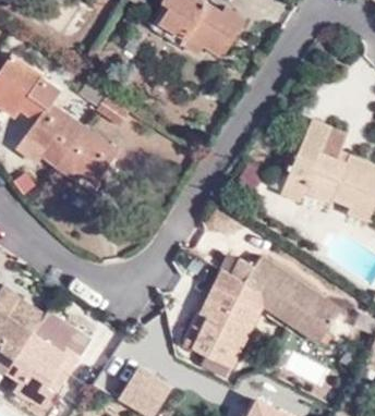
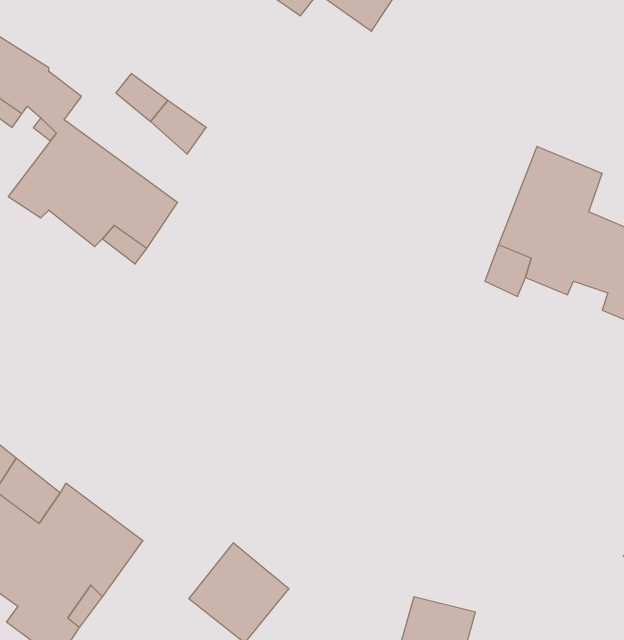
building: [189,245,349,359] -> none

